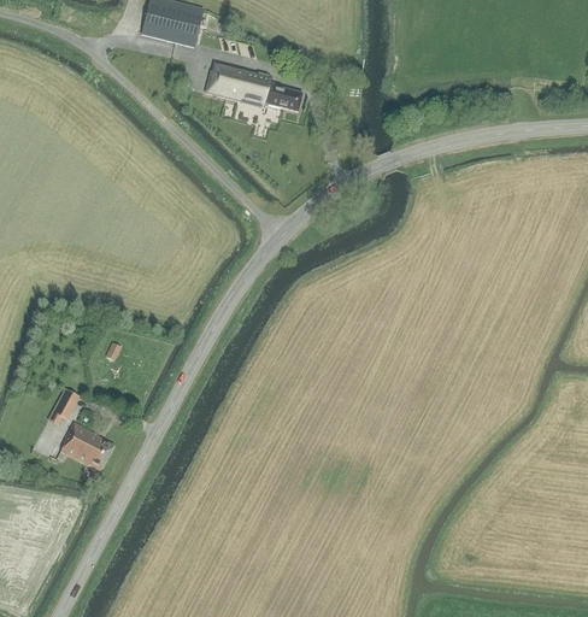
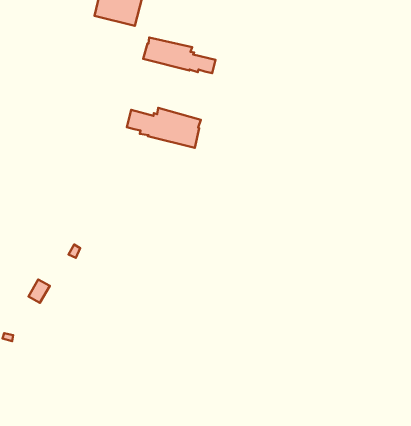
building: none -> [127,108,201,148]
building: [61,422,114,470] -> none

